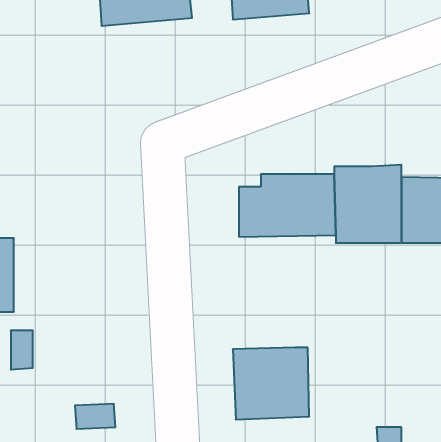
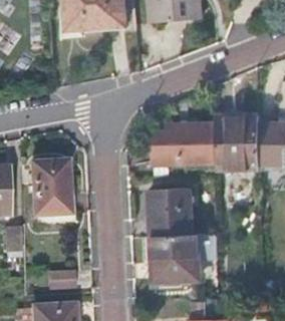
building: none -> [32,159,69,214]
building: none -> [150,188,191,236]

